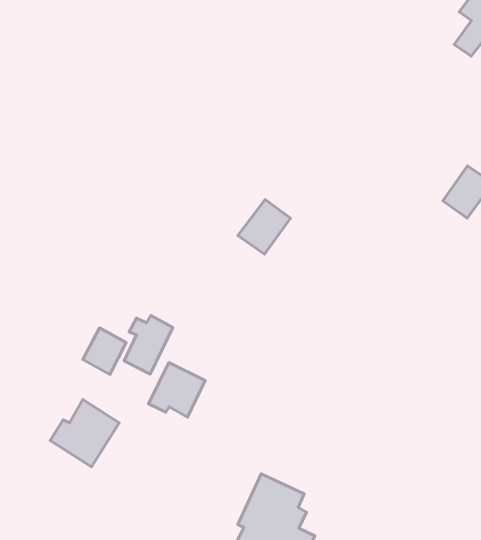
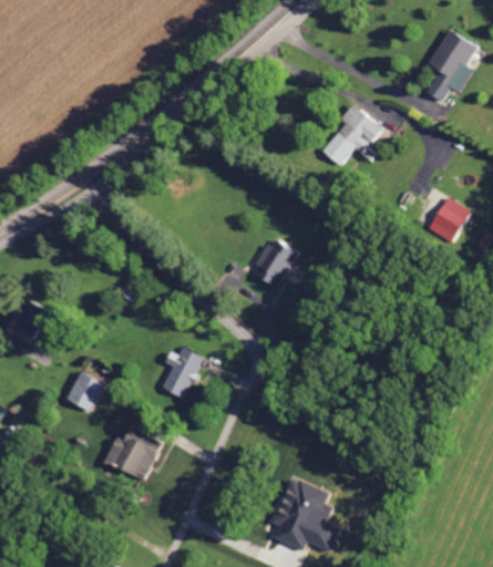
building: none -> [321,103,383,166]
building: [83,328,126,375] -> [65,372,102,412]
building: [149,363,205,417] -> none

